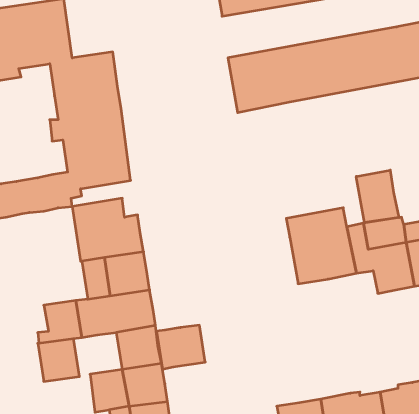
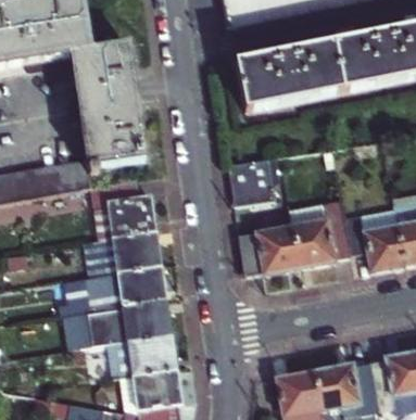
building: none -> [230,156,276,203]
building: [356,170,399,223] -> none
building: none -> [241,219,297,269]
building: [157,325,205,369] -> [91,306,136,346]

